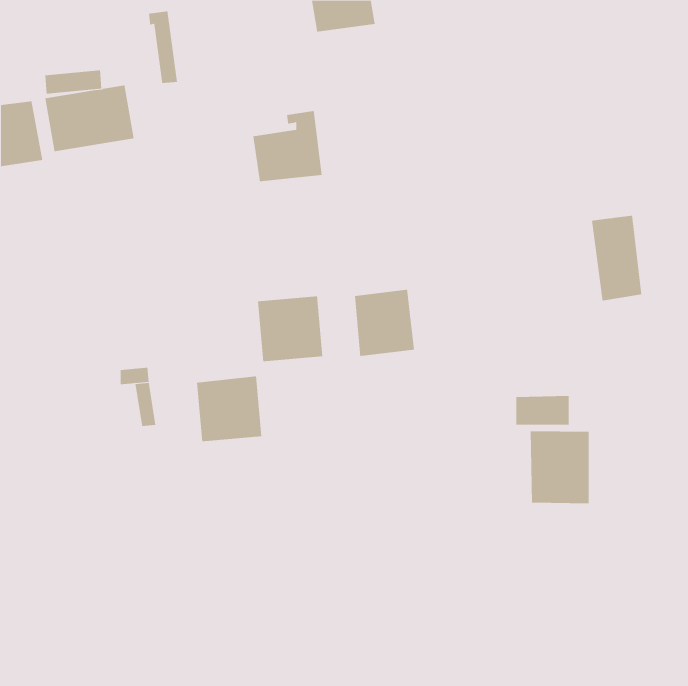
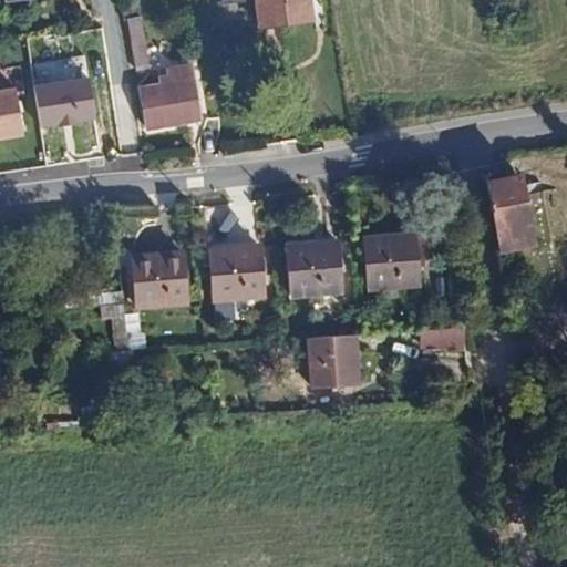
building: [253,111,323,182] -> [138,69,196,127]
building: none -> [365,235,421,288]
building: [196,376,262,442] -> [134,241,188,296]
building: none -> [298,334,350,388]
building: [530,430,589,504] -> none

